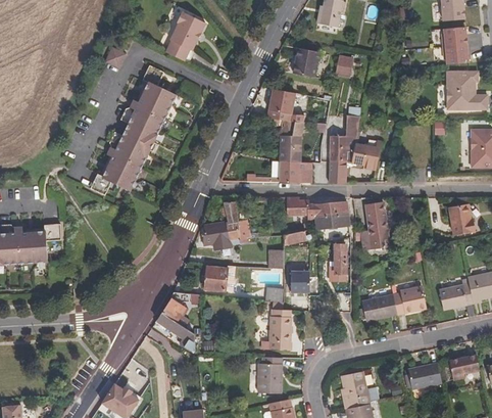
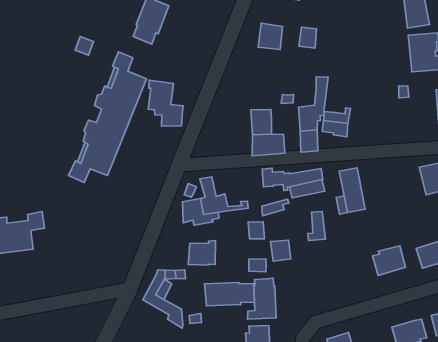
building: [267,88,303,137] -> [148,80,183,126]
building: [361,294,397,321] -> none
building: none -> [205,283,254,306]

